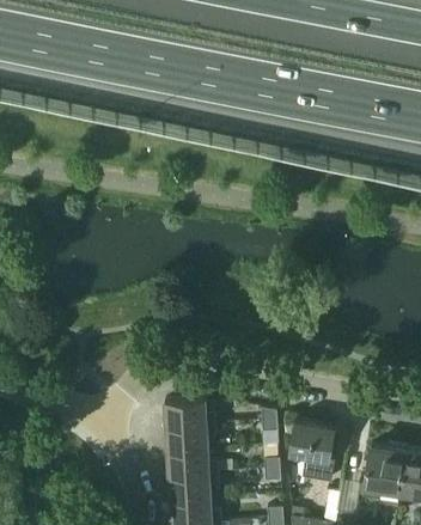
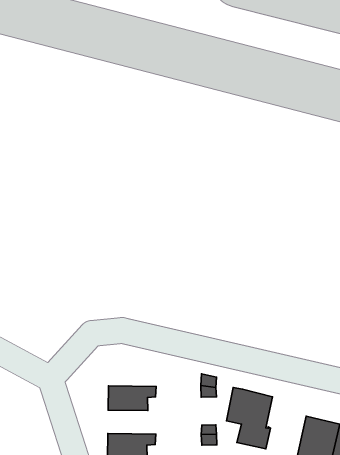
building: [164,398,215,426] -> none
building: [167,448,218,475] -> none

